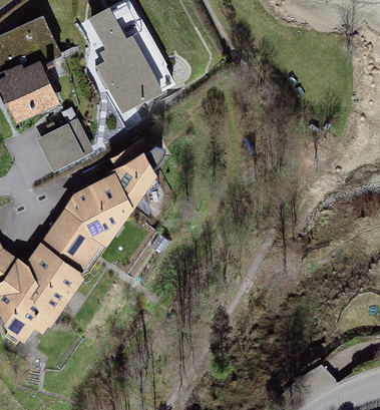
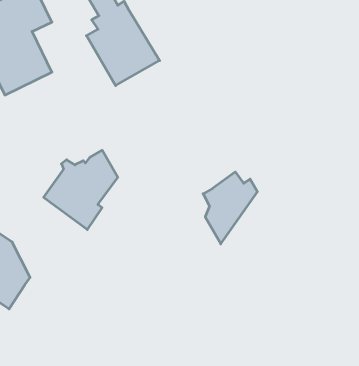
building: [37,120,93,172] -> none
building: [107,133,159,202] -> [203,172,257,244]
building: [23,222,95,314] -> none

